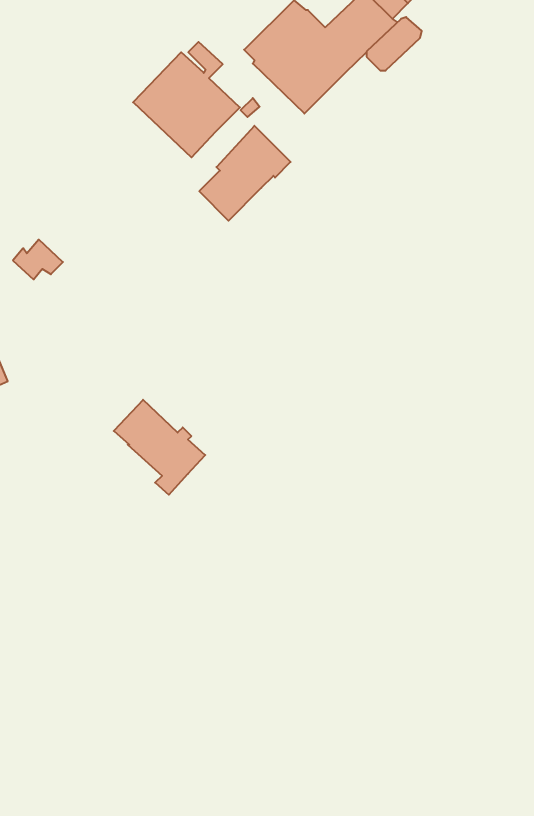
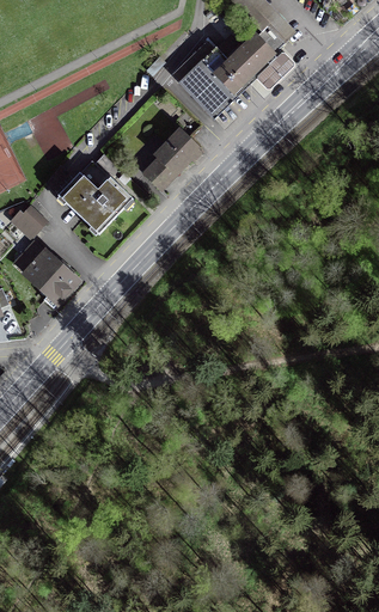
building: [133,42,240,157] -> [57,153,132,233]
building: [114,400,205,495] -> [14,241,78,307]

